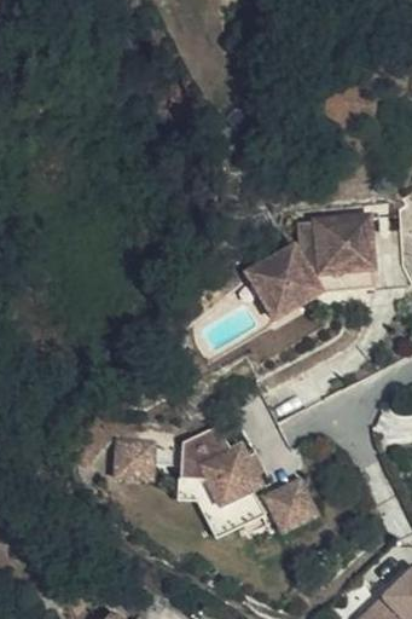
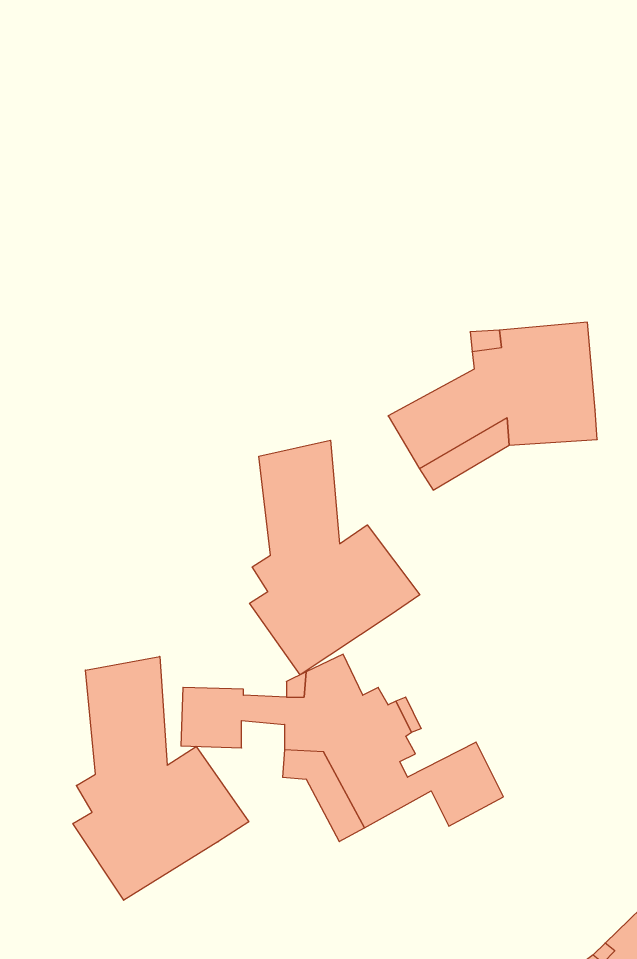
building: none -> [250,440,420,675]
building: none -> [73,656,249,900]

